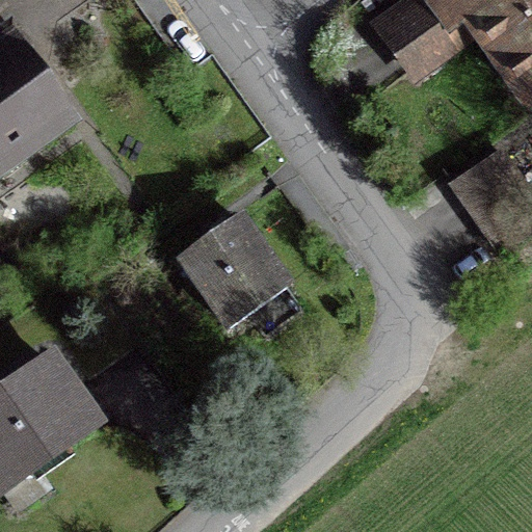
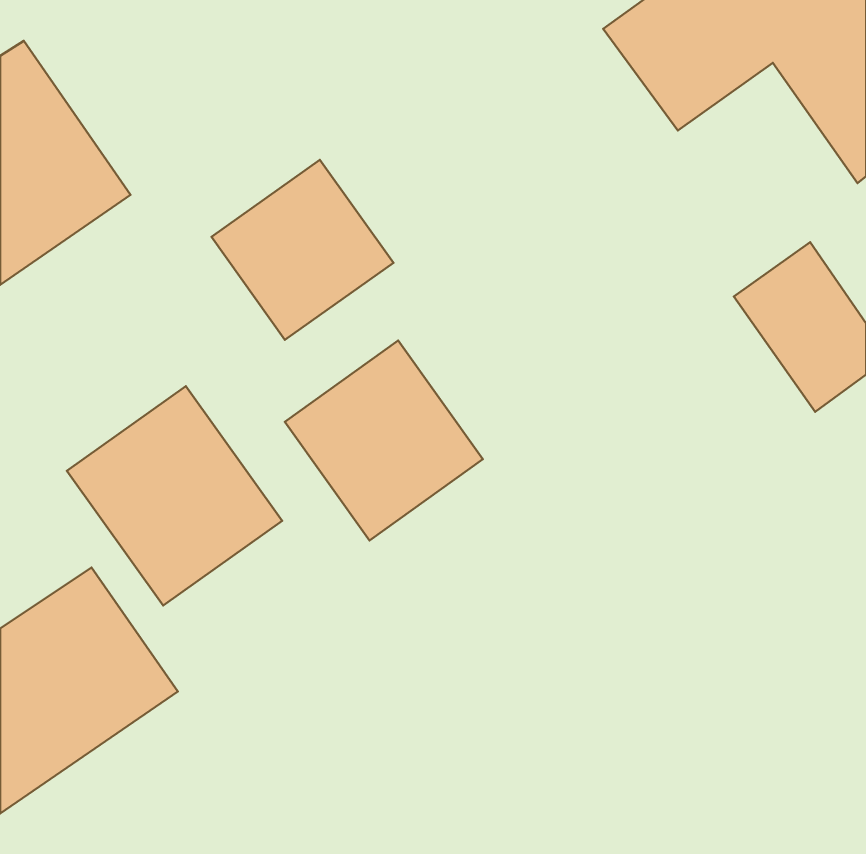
building: none -> [211,160,393,340]
building: none -> [67,386,282,606]

